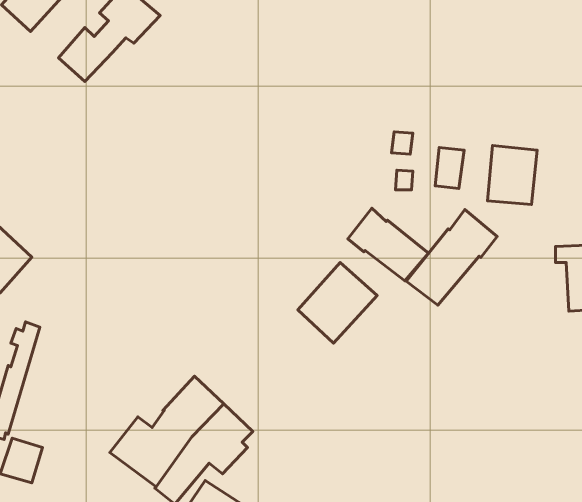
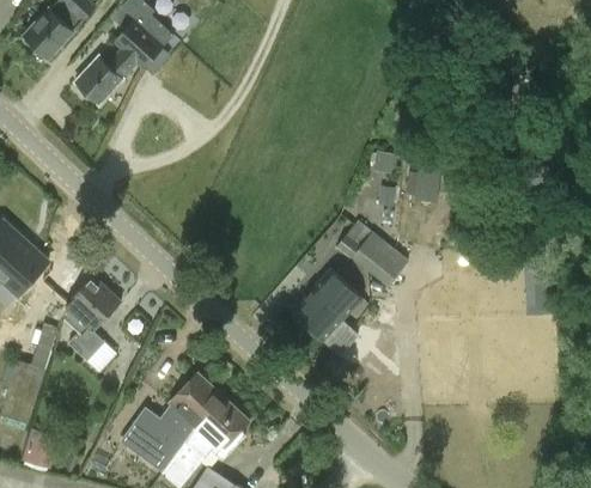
building: [487,145,537,205] -> none
building: [406,210,497,305] -> none
building: none -> [62,276,118,372]

